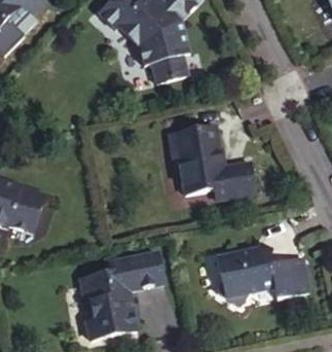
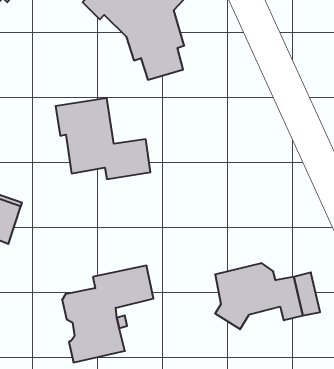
building: [170,125,255,198] -> [56,98,150,179]

